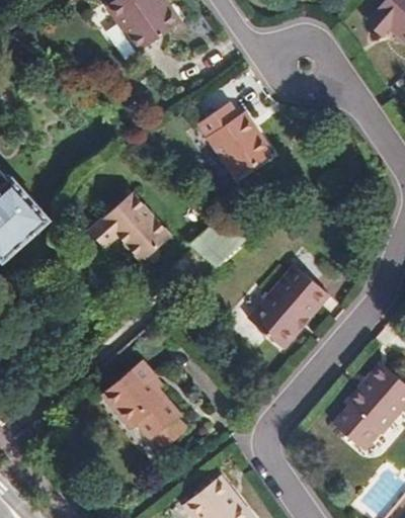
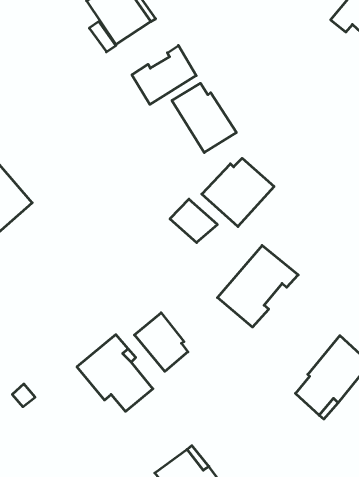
building: none -> [132,45,196,104]
building: none -> [202,158,274,227]
building: [88,192,169,263] -> none
building: none -> [134,313,188,371]

